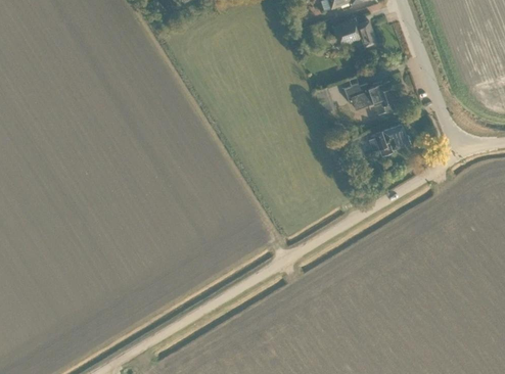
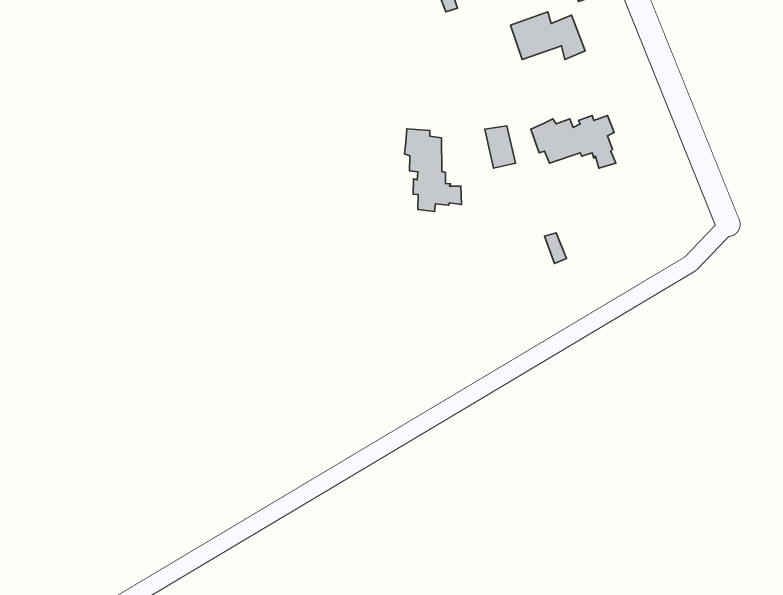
building: none -> [404,129,461,212]
building: [370,125,413,153] -> none

